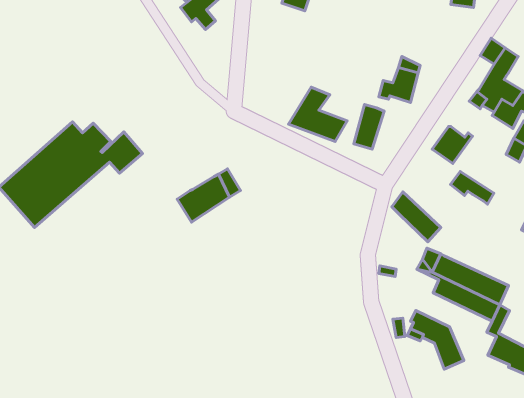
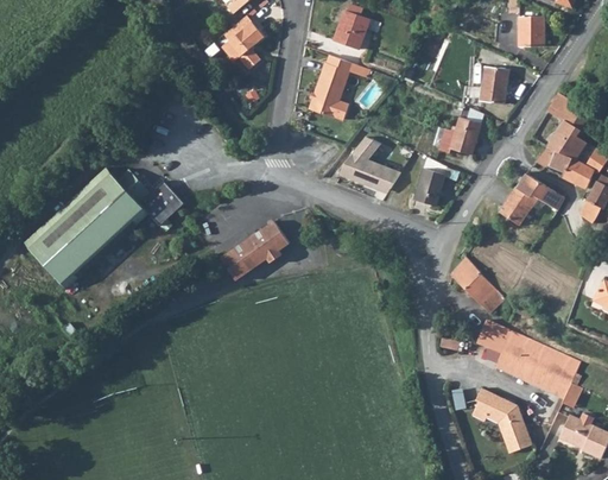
building: none -> [306,61,360,126]
building: none -> [476,67,505,103]
building: [450,171,494,204] -> [515,168,563,203]

